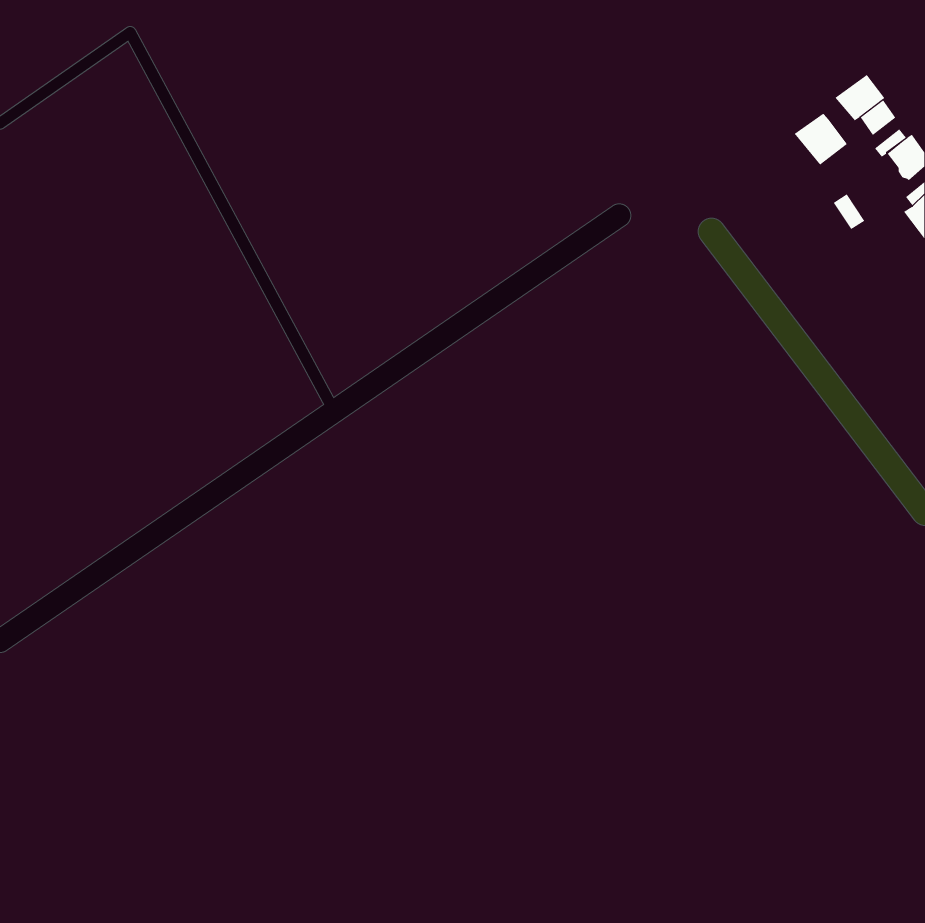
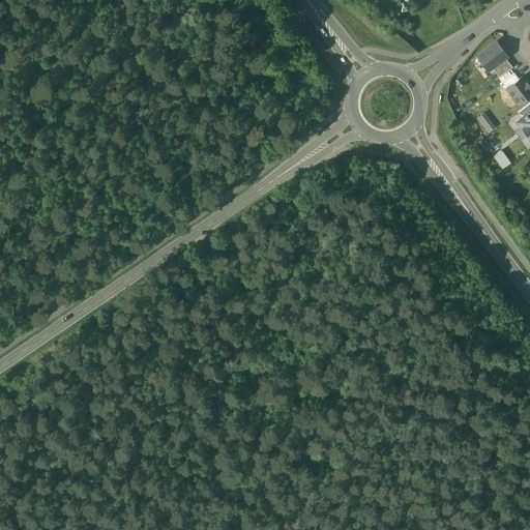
building: [794,113,848,165] -> none

